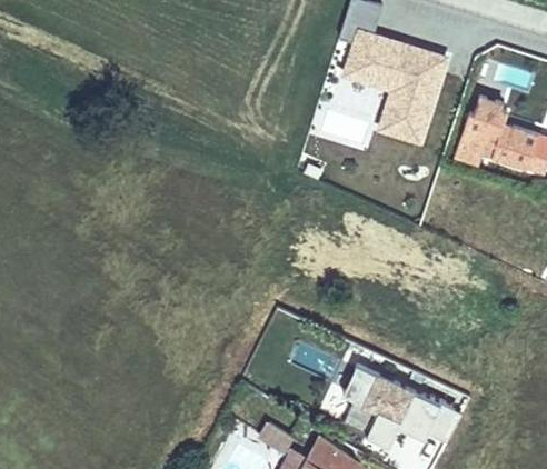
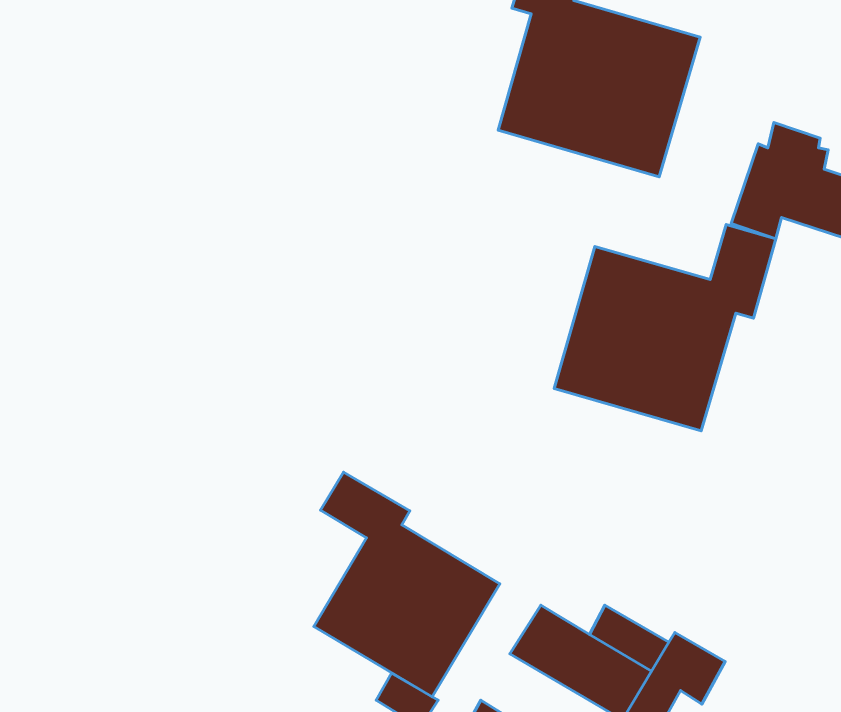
building: none -> [554,224,776,431]
building: none -> [314,472,500,697]

